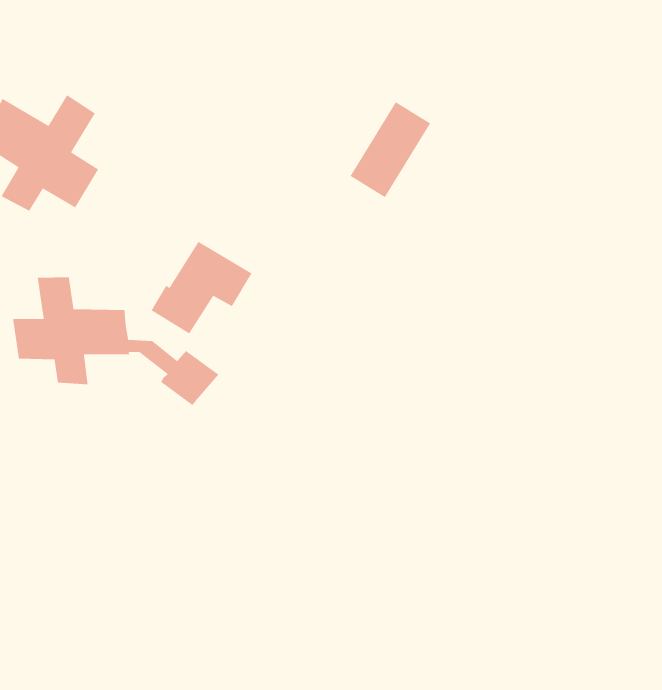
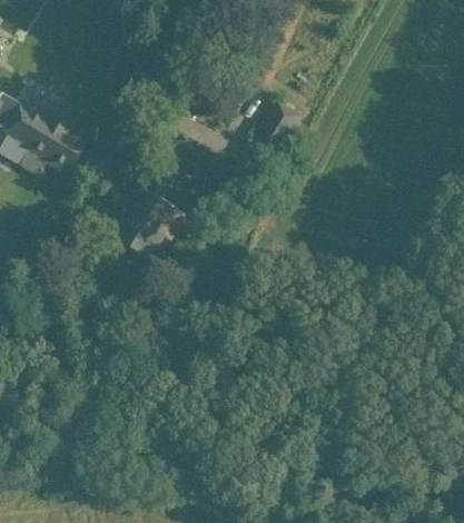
building: [12,277,219,406] -> none

